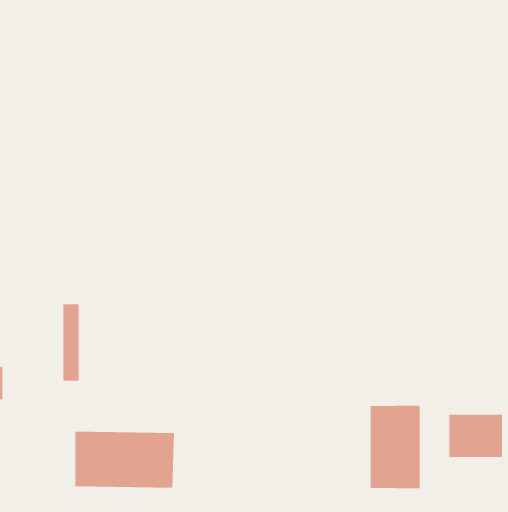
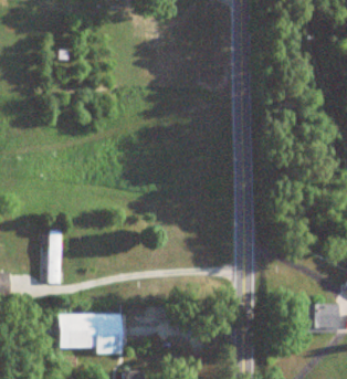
building: [370,405,421,489] -> none

